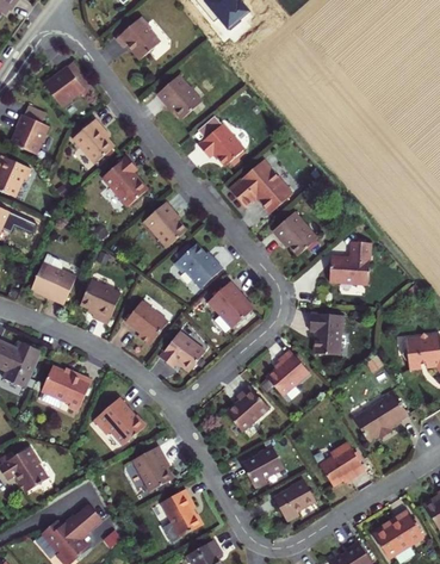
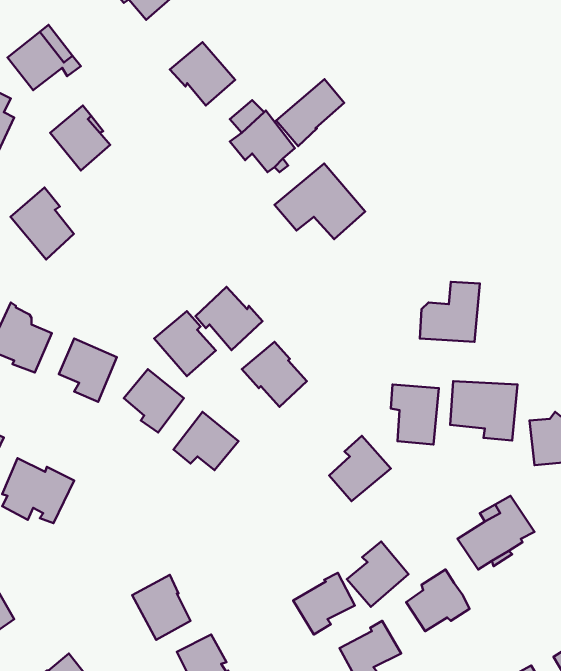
building: none -> [276,79,344,146]
building: [103,159,147,209] -> [10,188,74,260]
building: [143,204,186,249] -> [154,311,216,376]
building: [273,211,318,255] -> none
building: none -> [450,381,517,441]
building: [227,385,269,430] -> [347,542,408,607]
building: [92,398,144,445] -> none

